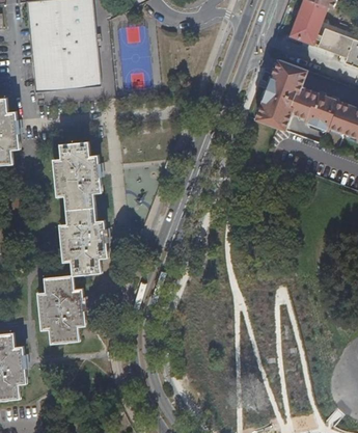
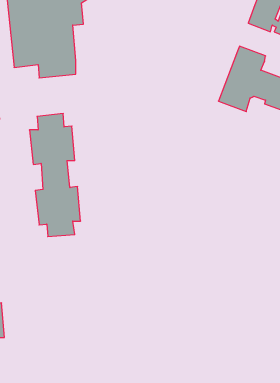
building: [36,268,85,336] -> none

